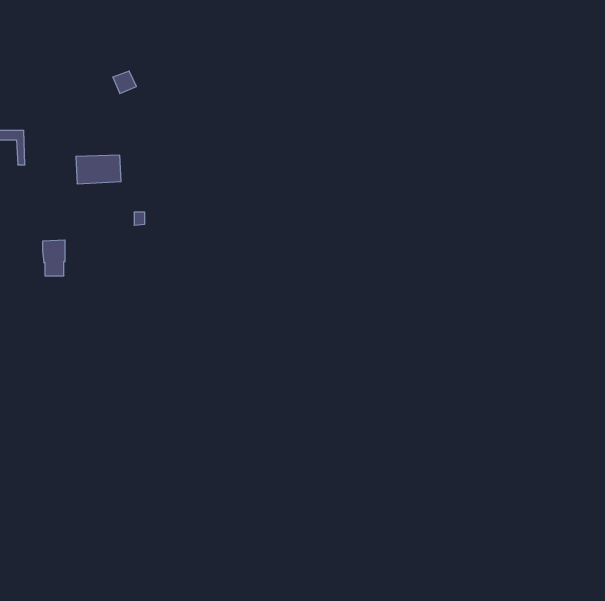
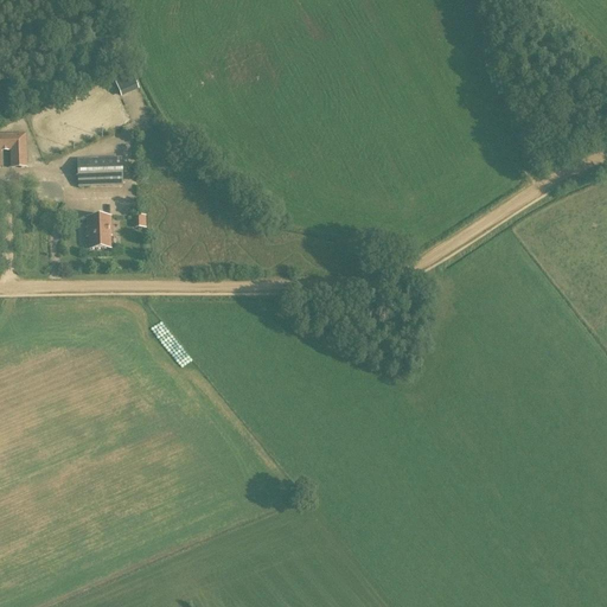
building: [43,240,65,276] -> [89,213,111,249]

